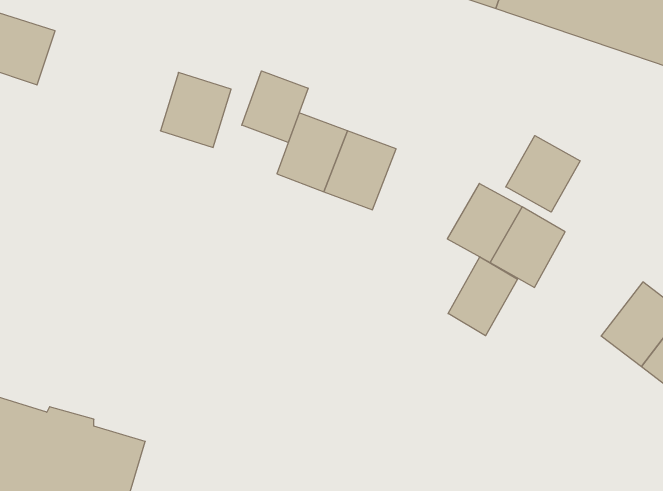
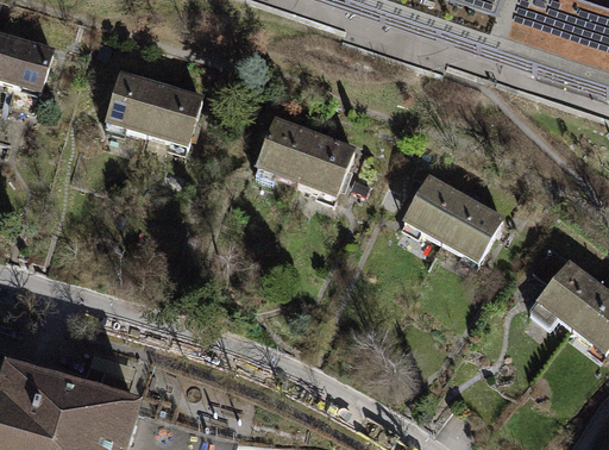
building: none -> [108,68,169,131]
building: [242,71,308,143] -> none
building: [506,136,580,212] -> none
building: [448,257,517,336] -> none

